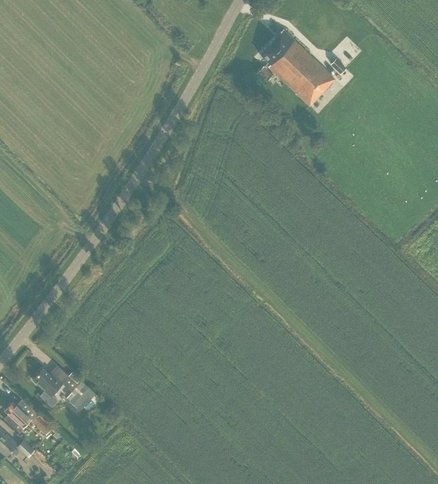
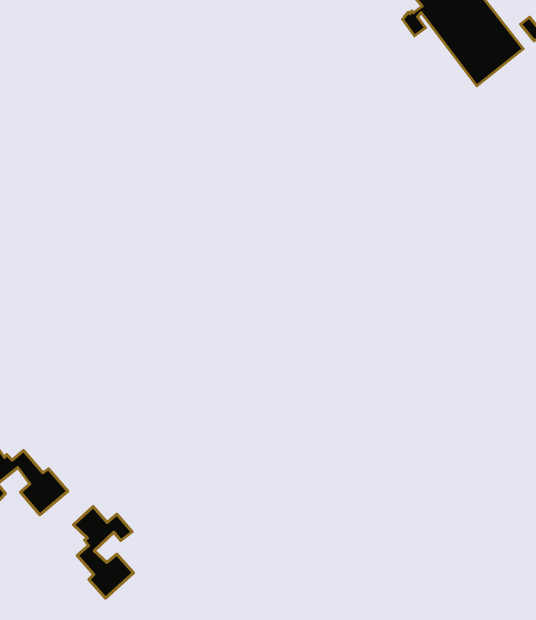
building: none -> [73,506,133,598]

